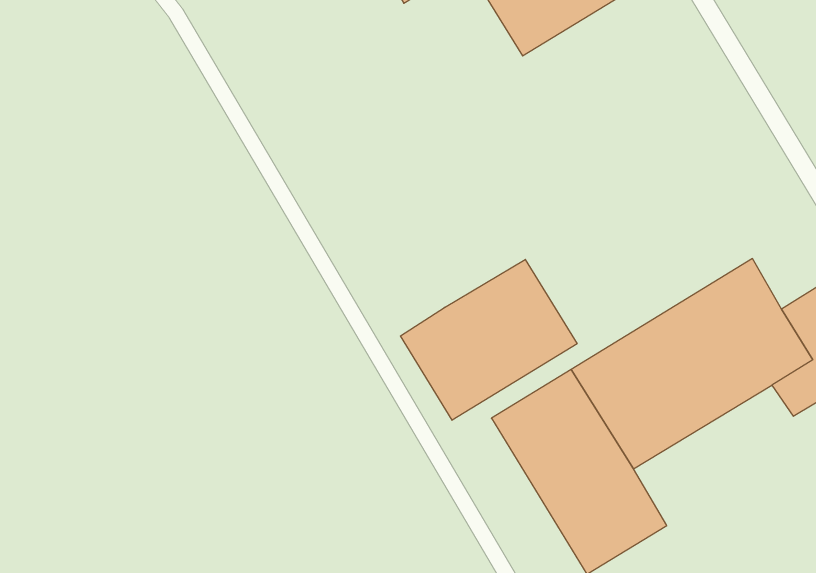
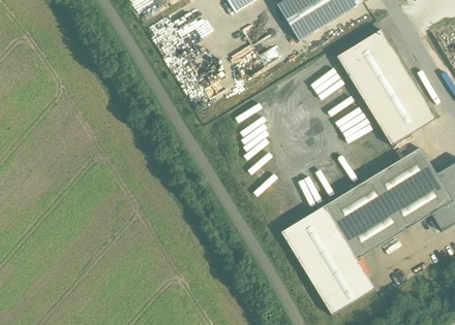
building: none -> [336,28,435,144]
building: [400,259,577,420] -> none

